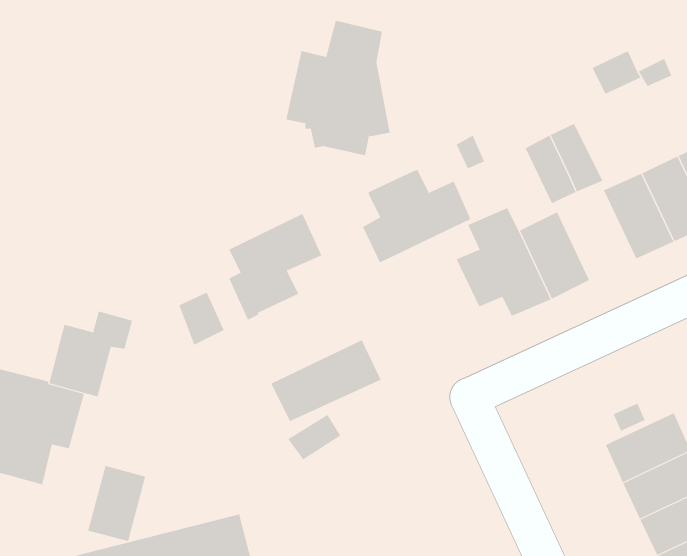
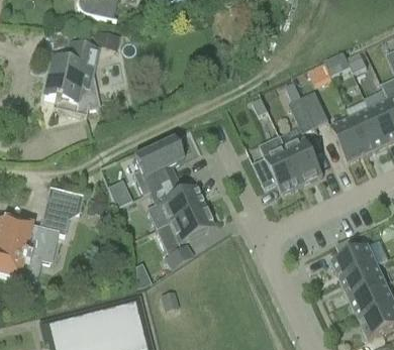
building: [285,20,391,156] -> [44,43,100,115]
building: [362,169,471,263] -> [146,179,204,228]
building: [88,465,146,542] -> none

